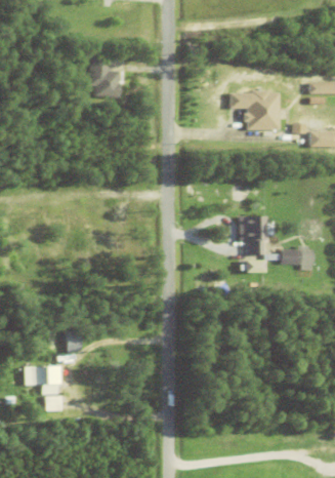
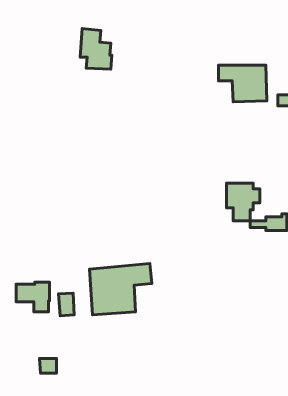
building: none -> [89,263,152,315]
building: [24,364,58,395] -> [16,282,50,312]

